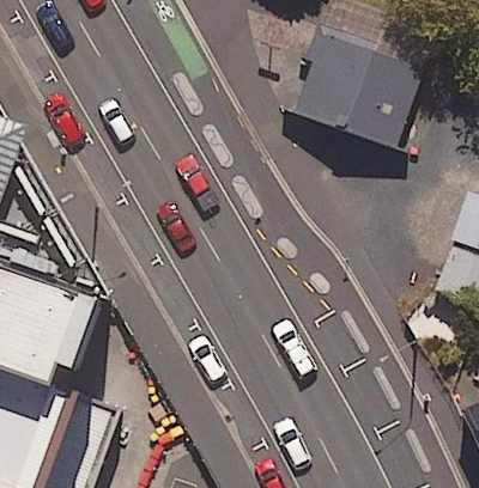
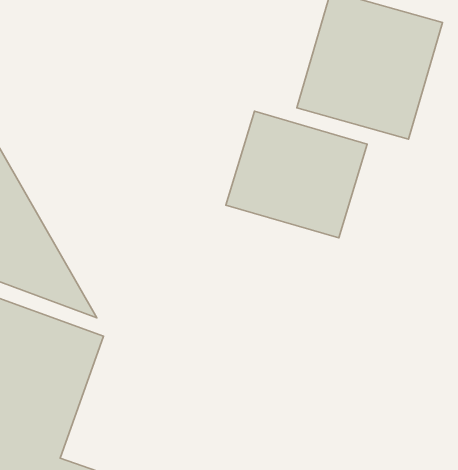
building: none -> [226,111,367,238]

